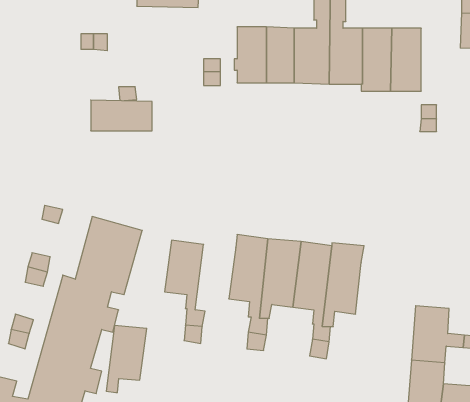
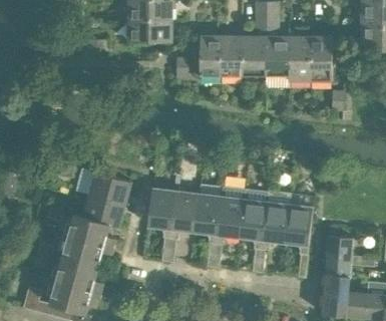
building: [91,100,152,131] -> [127,20,171,42]
building: none -> [285,205,313,279]
building: [106,326,147,393] -> [169,192,199,240]

